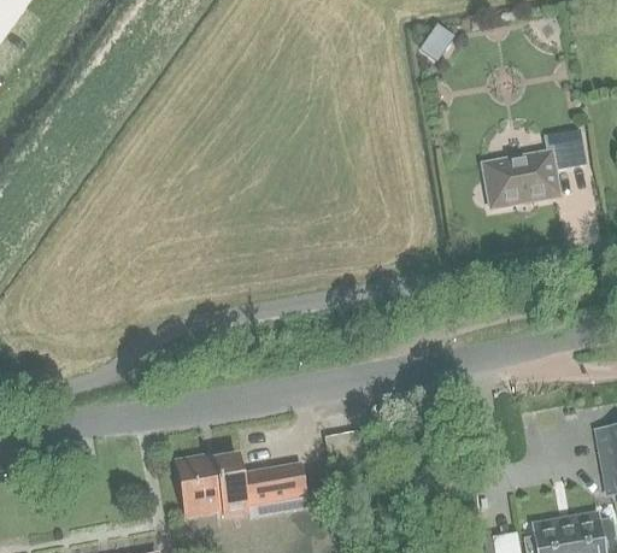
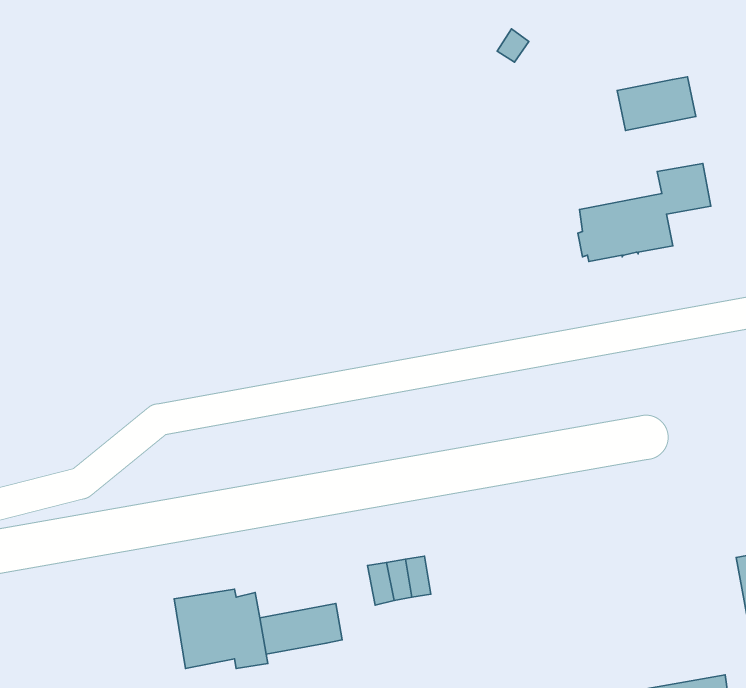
building: none -> [617,77,696,130]

